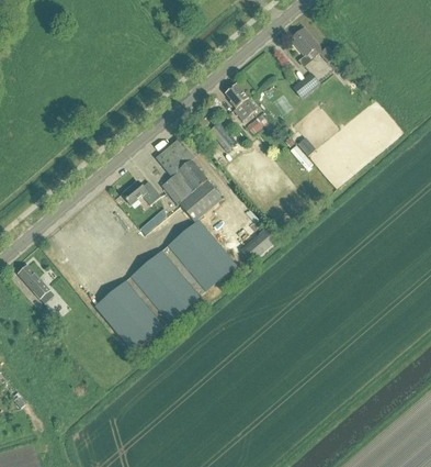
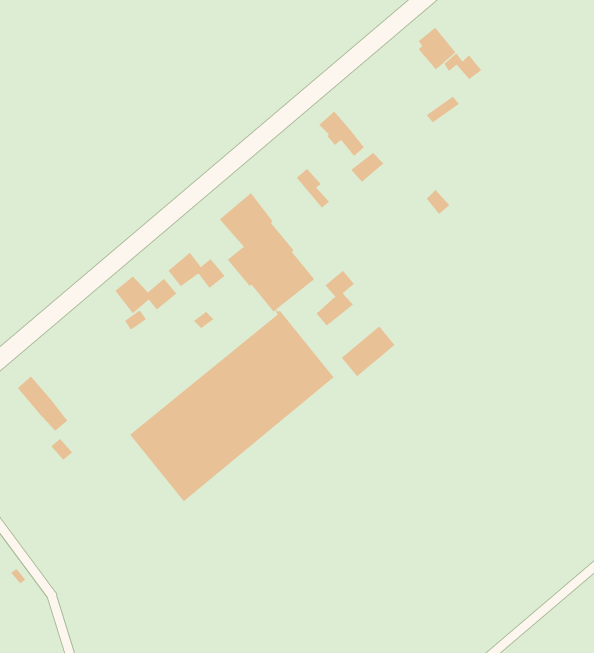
building: none -> [316,270,355,327]
building: none -> [115,275,177,314]

